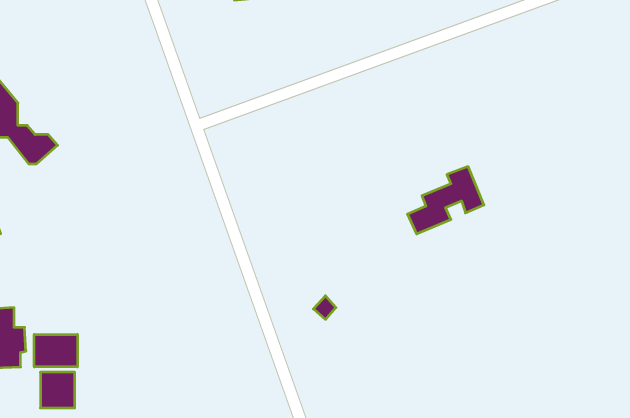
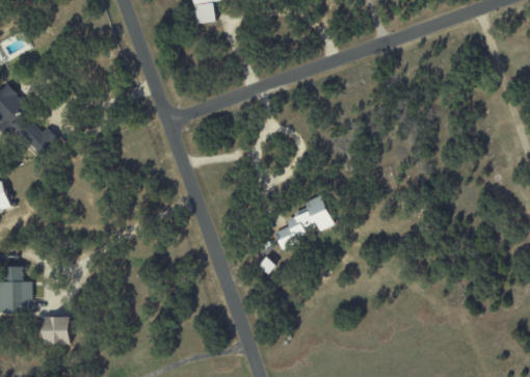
building: [407,167,484,234] -> [273,194,334,247]
building: [34,334,77,367] -> none

